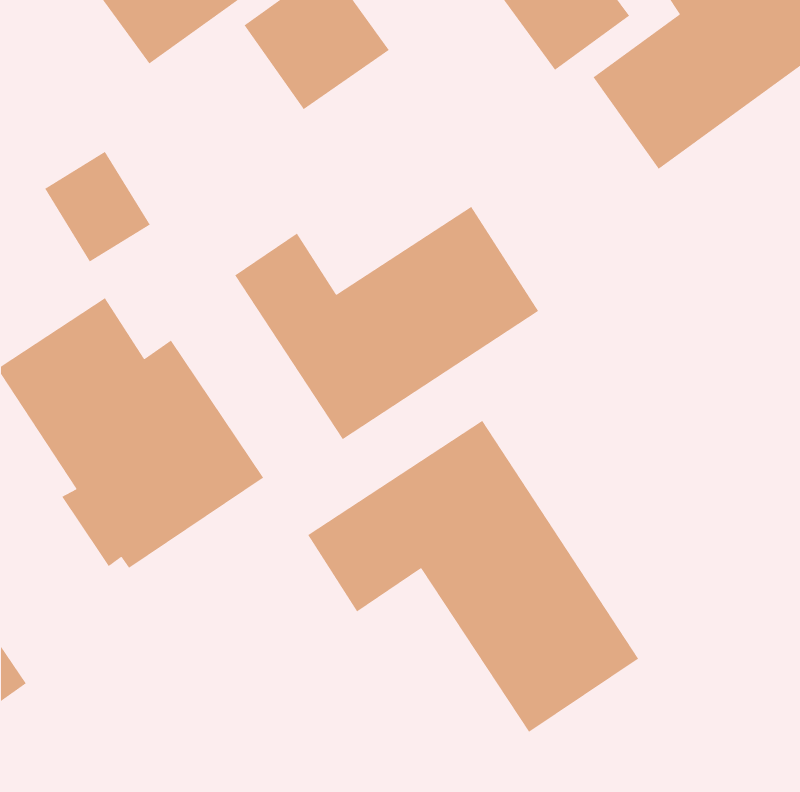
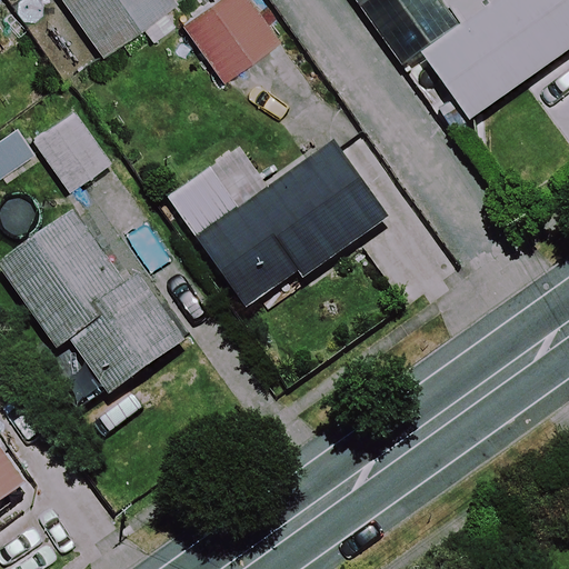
building: [307,420,639,733] -> none

